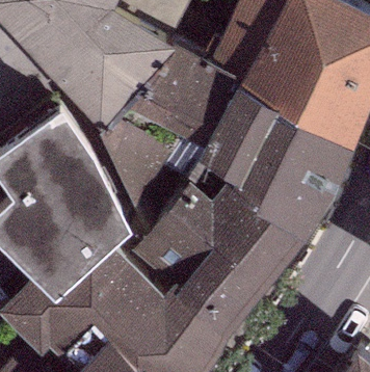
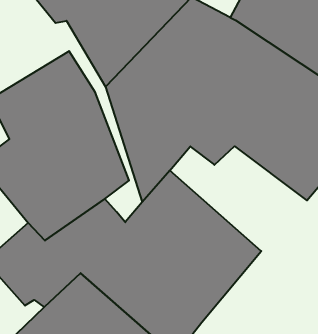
building: [182,158,317,257] -> none

